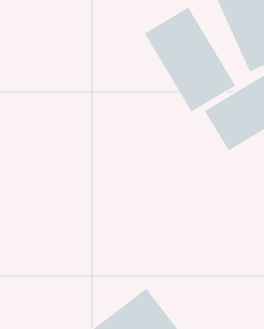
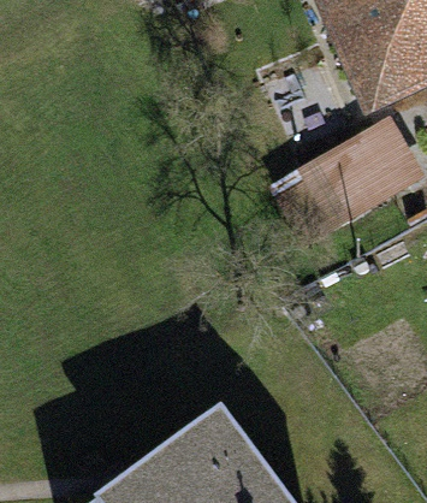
building: [144,7,236,113] -> none

